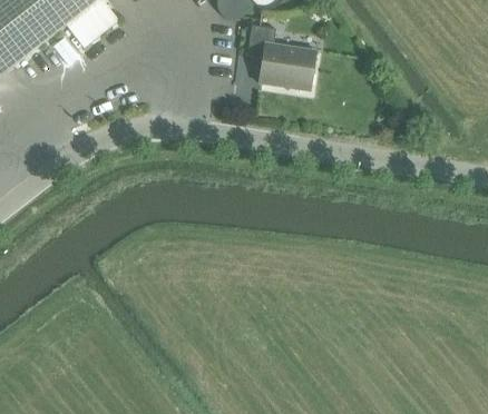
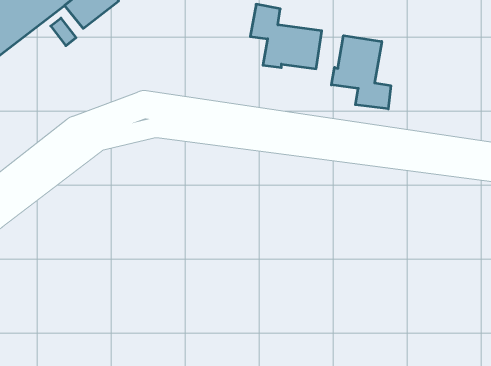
building: none -> [331,36,391,109]

